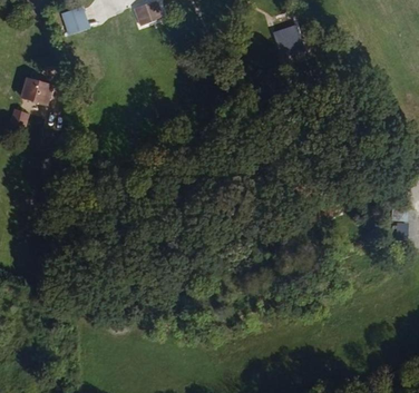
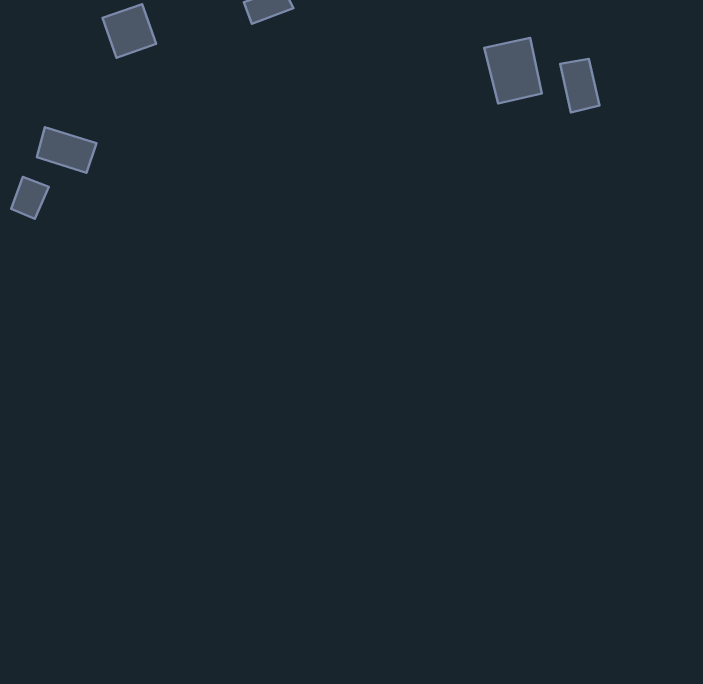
building: none -> [560,59,599,112]

